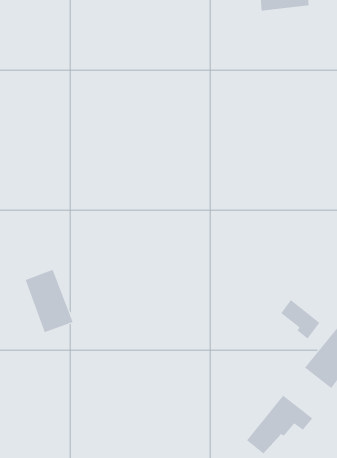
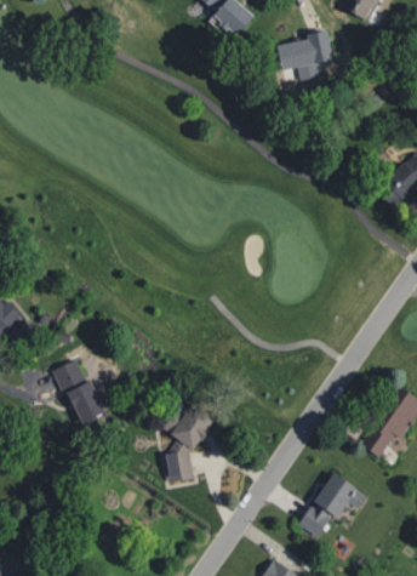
building: [280,299,320,339] -> none
building: none -> [164,405,213,483]

